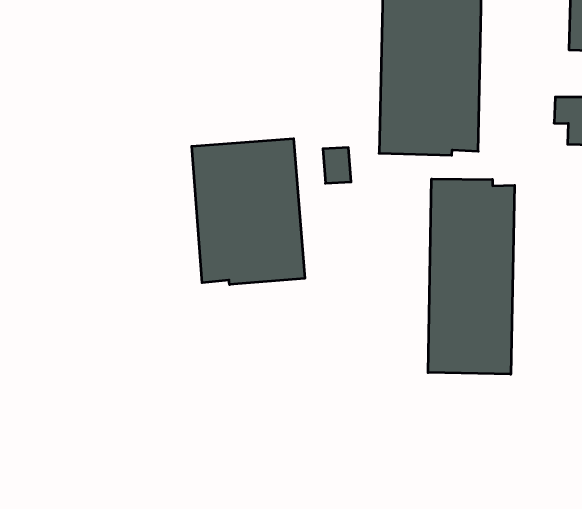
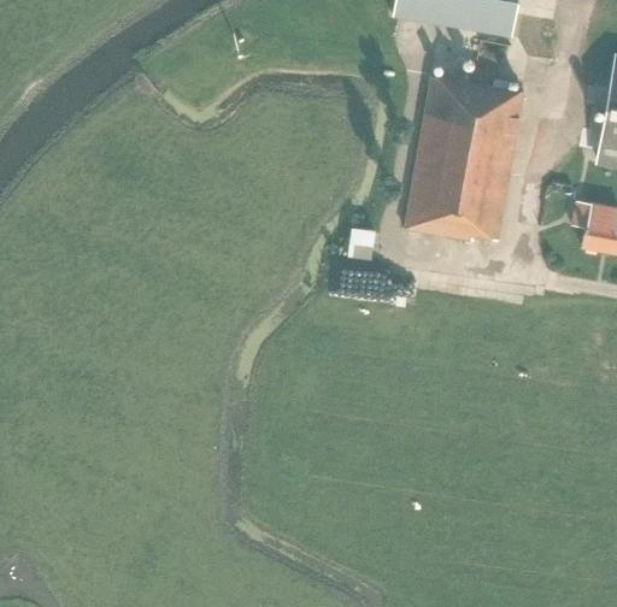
building: [192,139,305,285] -> none
building: [428,179,515,374] -> none

